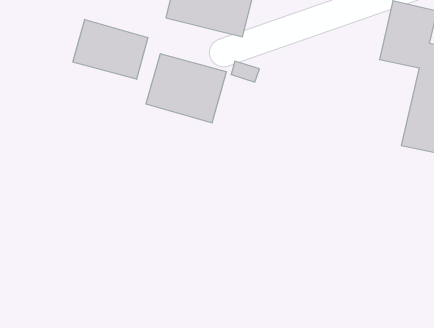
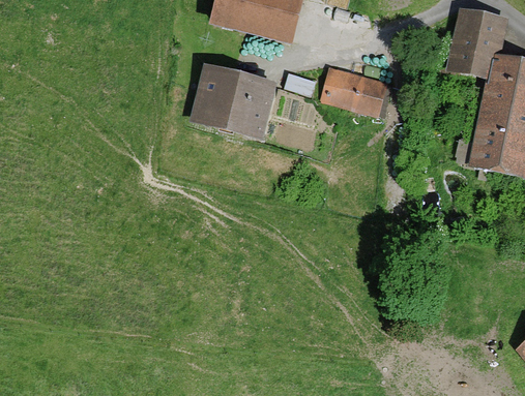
building: [73,19,148,79] -> none
building: none -> [317,66,384,118]

